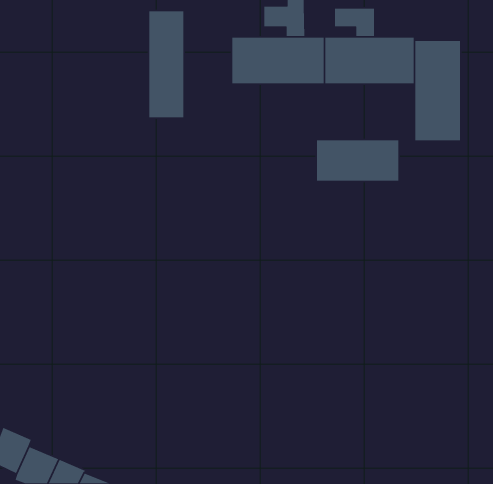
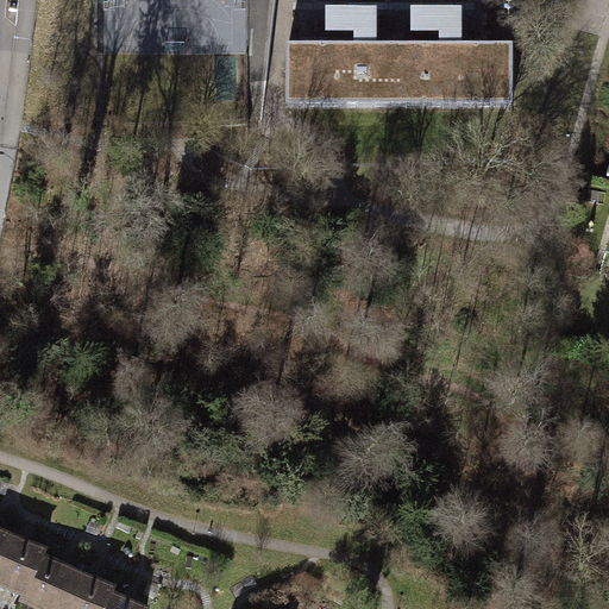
building: [148,10,184,118] -> none
building: [415,40,461,141] -> none
building: [316,140,399,181] -> none

